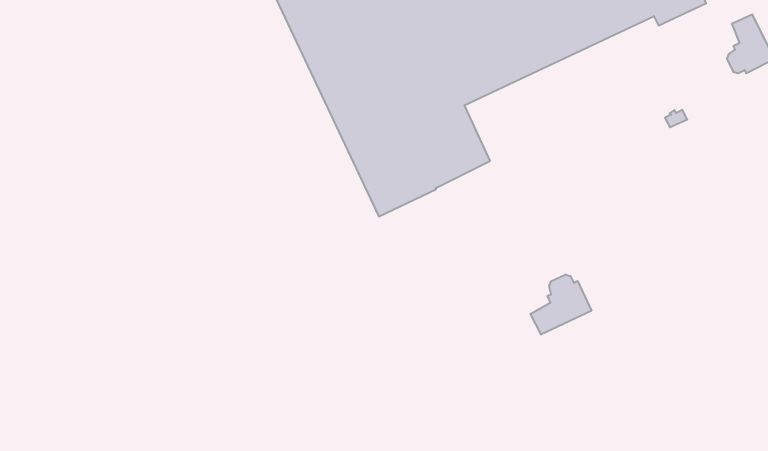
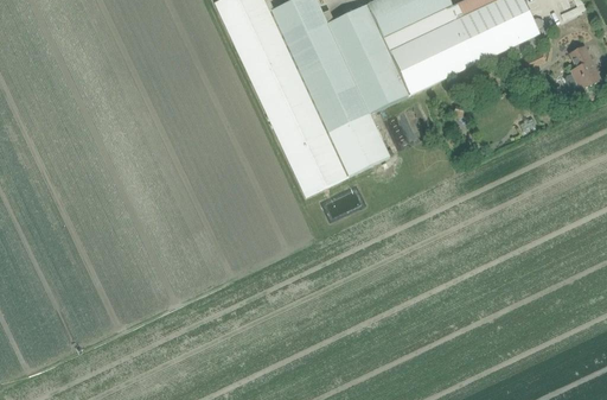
building: [530,274,591,335] -> none

